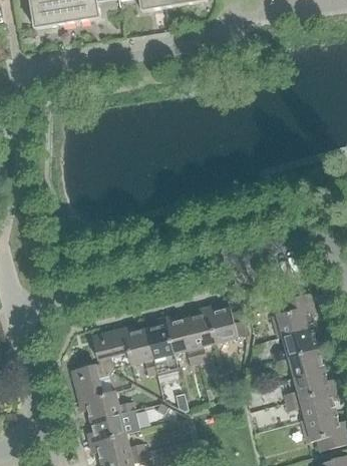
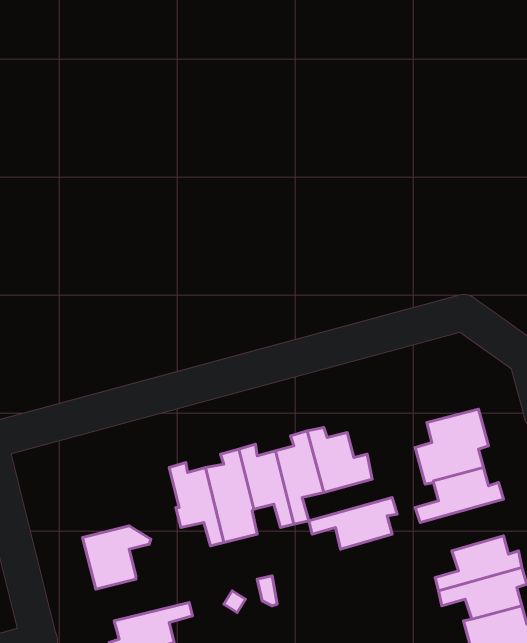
building: [91,328,128,371] -> none
building: [274,347,327,378] -> [309,498,397,549]
building: [78,390,134,420] -> none

